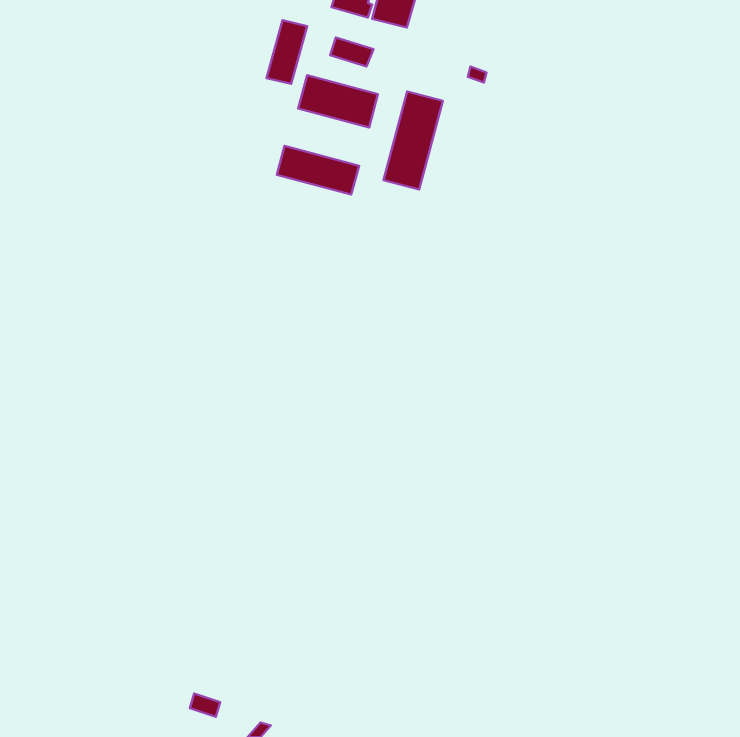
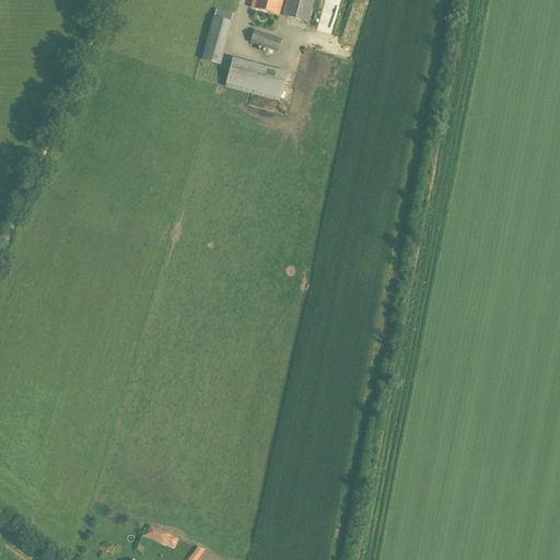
building: [384,91,443,190] -> none
building: [277,146,359,195] -> none

